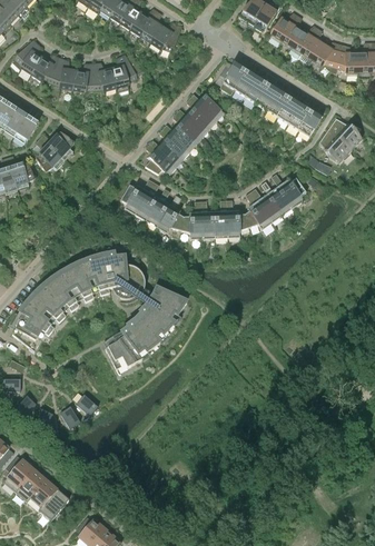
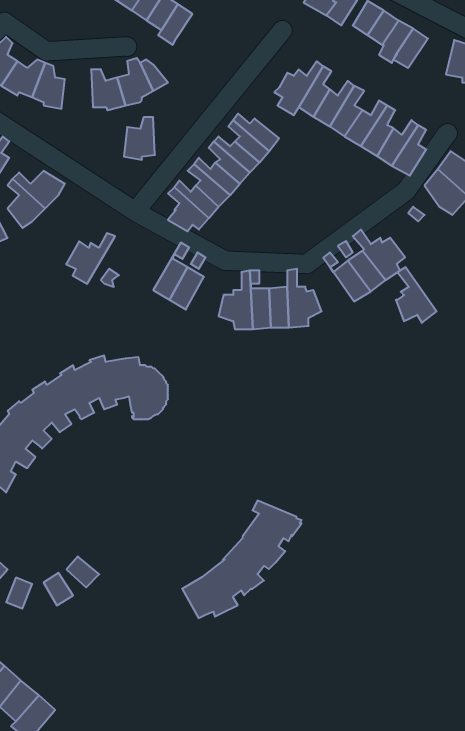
building: [150,23,180,49] -> none
building: [308,40,339,66] -> none
building: [72,62,93,91] -> [124,117,155,160]
building: [120,178,154,212] -> [66,233,115,284]
building: [244,190,272,228] -> [396,267,437,323]
building: [157,193,182,232] -> none
building: [105,287,186,367] -> [182,501,302,618]

